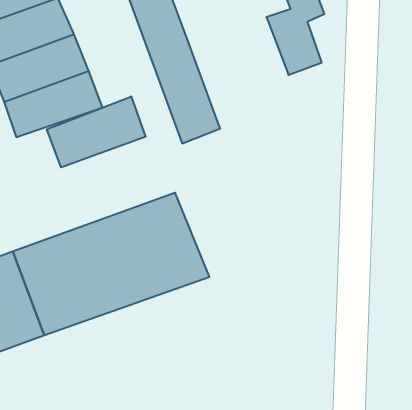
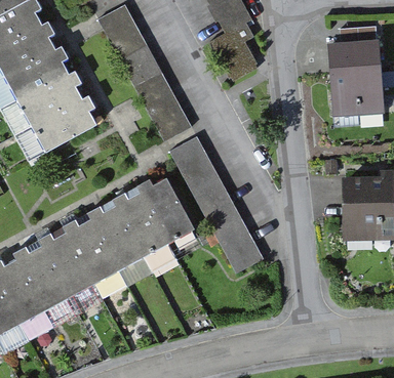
building: [47,96,146,167] -> none
building: none -> [168,135,263,272]

